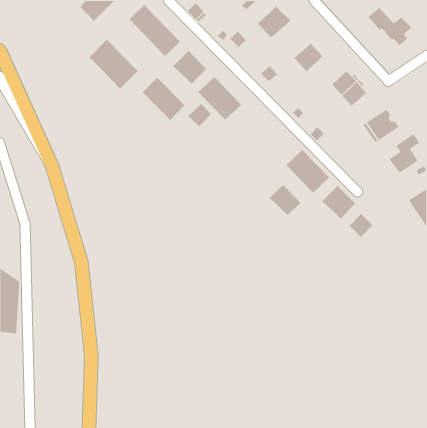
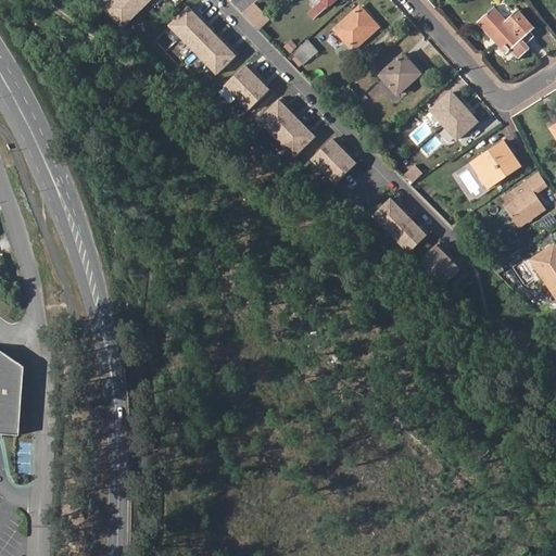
building: [89,39,138,89] -> none
building: [142,77,185,121] -> none
building: [188,103,212,127] -> none
building: none -> [311,138,355,182]
building: [269,184,301,216] -> none
building: [349,213,373,238] -> none

